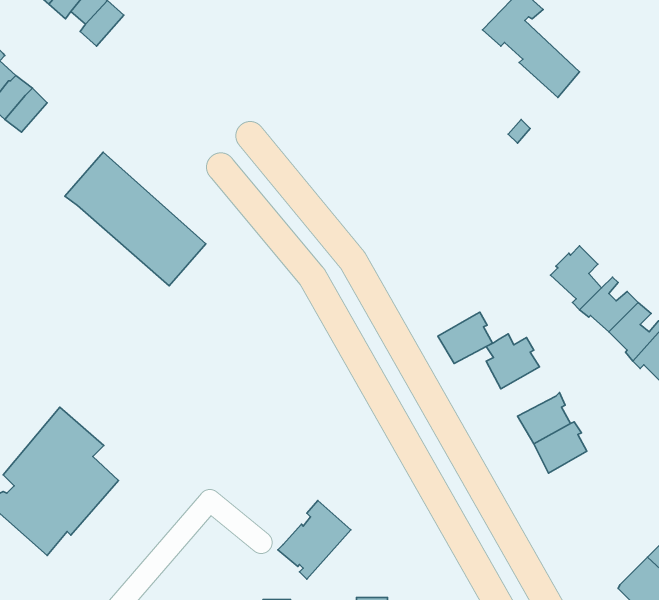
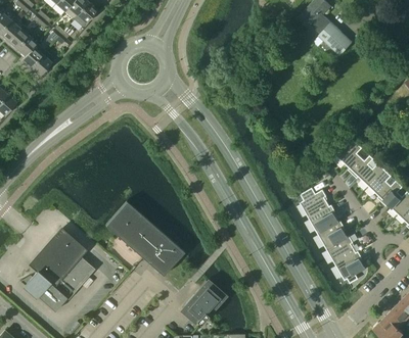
building: [65,152,206,286] -> [104,200,183,275]
building: [438,312,493,363] -> [308,204,338,233]
building: none -> [334,251,365,283]

